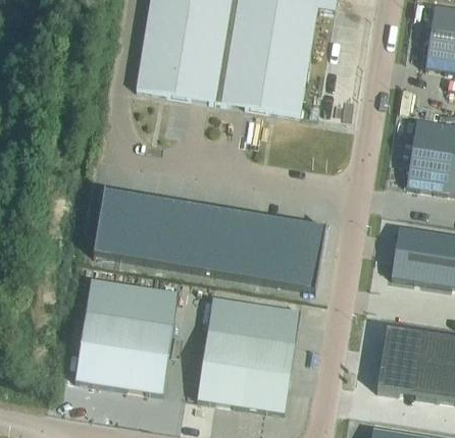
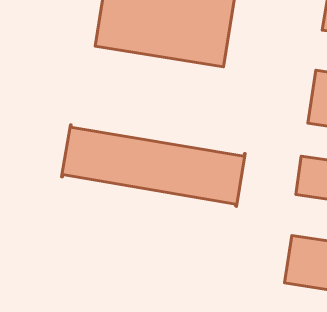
building: [74,278,179,393] -> none
building: [196,297,300,412] -> none

